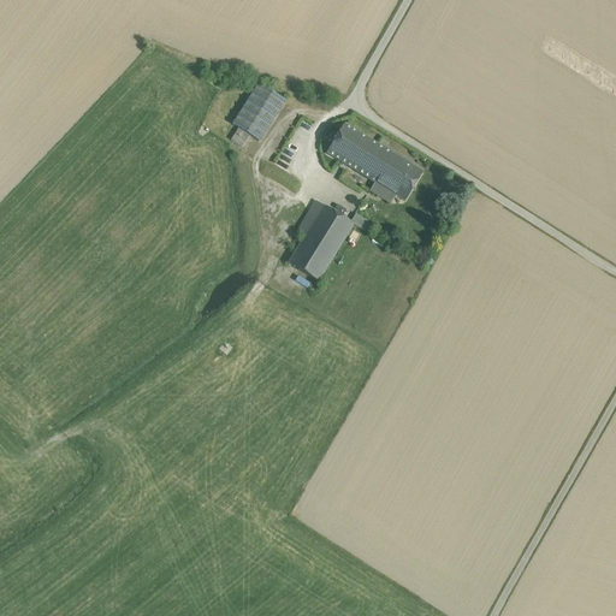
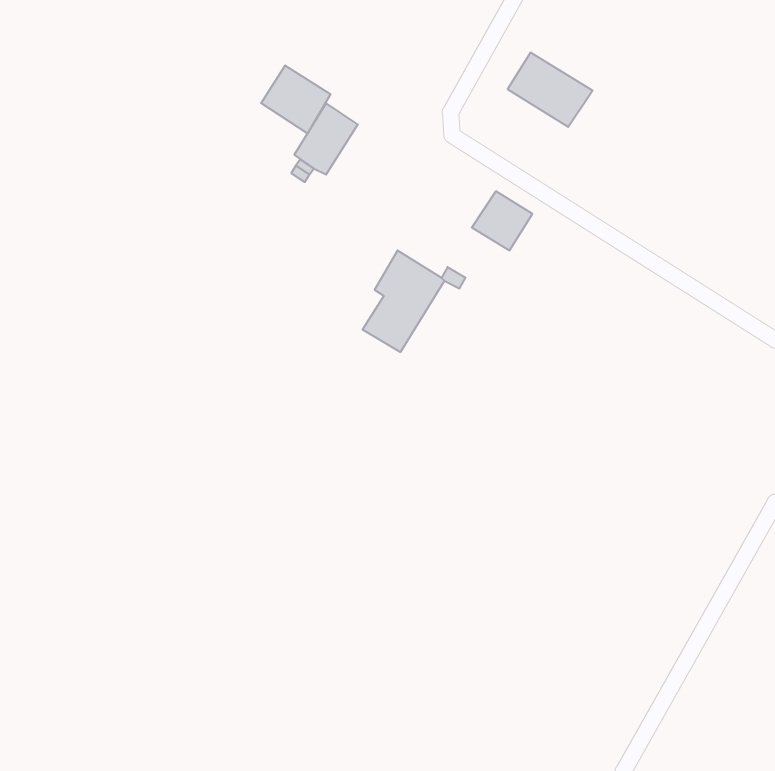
building: none -> [261,65,330,134]
building: [326,122,393,180] -> [508,53,593,127]

